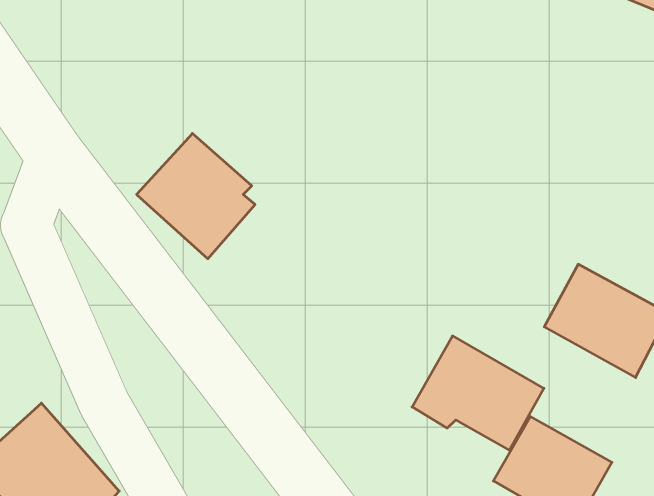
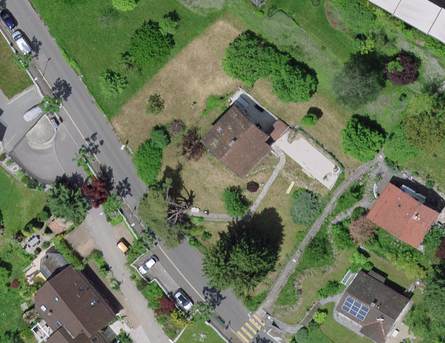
building: [137,133,255,259] -> [202,103,272,177]
building: [412,336,544,450] -> none

